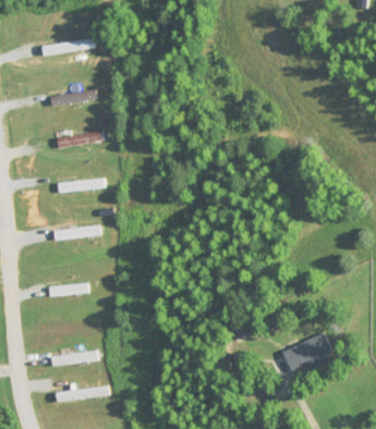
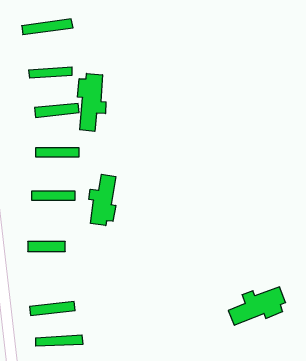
building: none -> [78,73,106,131]
building: none -> [89,174,116,226]

